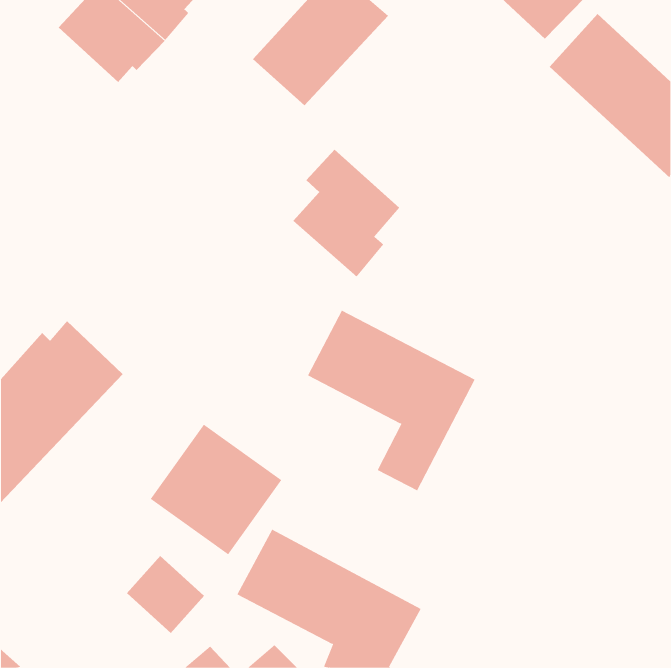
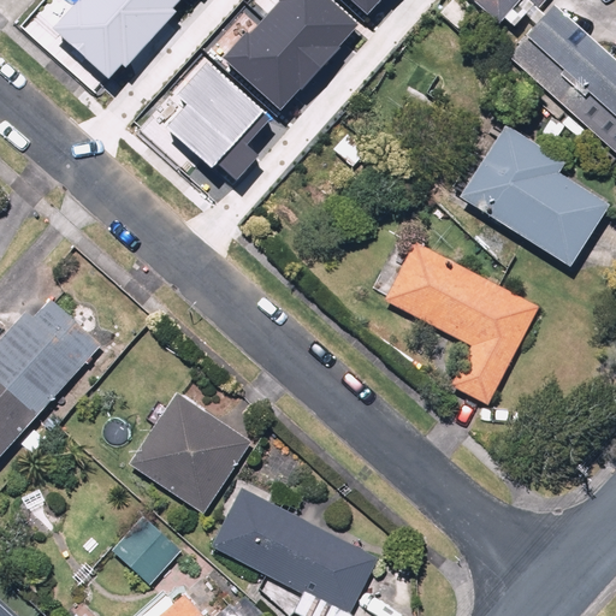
building: none -> [445,129,598,276]
building: [292,149,400,277] -> [172,60,271,178]
building: [307,310,475,491] -> [379,244,533,410]

